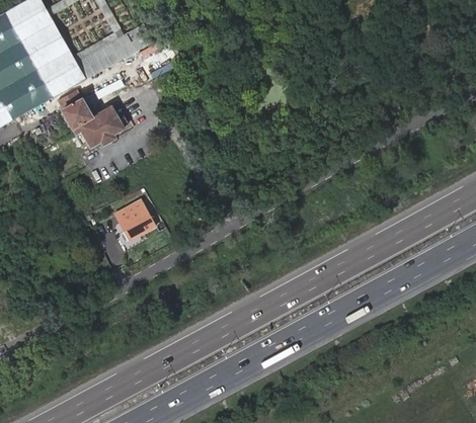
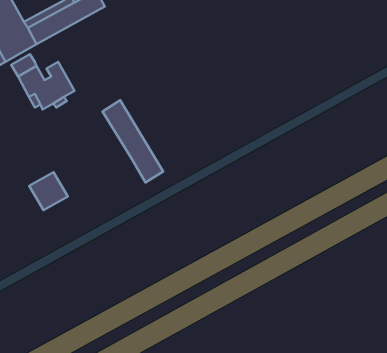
building: none -> [103,100,163,183]
building: [114,202,155,242] -> [29,172,68,210]

